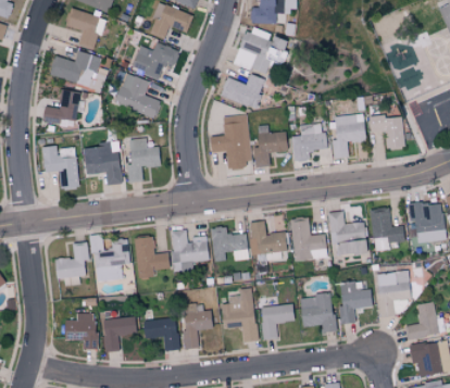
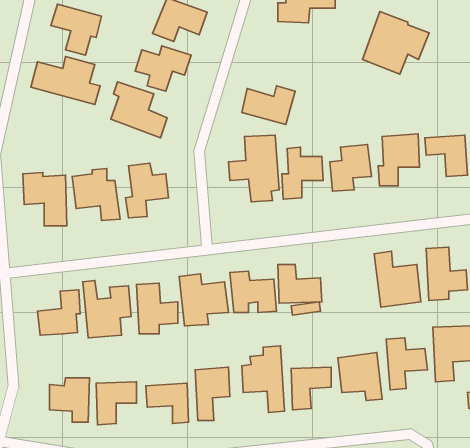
building: [235,25,289,76] -> [362,12,429,74]
building: [41,89,79,124] -> none
building: [291,217,326,259] -> none

